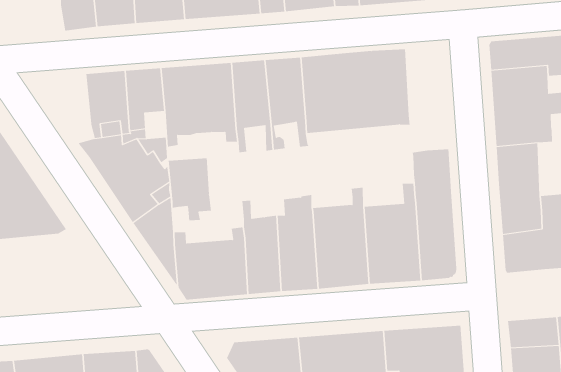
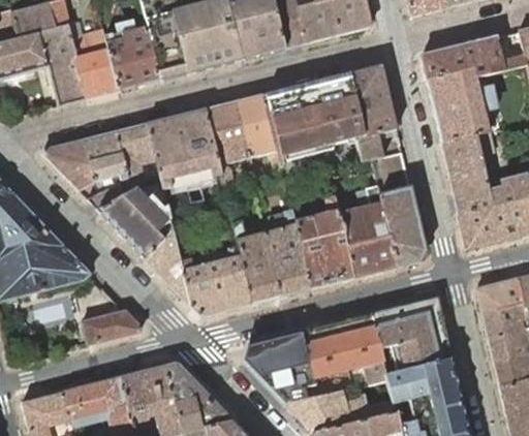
building: none -> [351,65,397,161]
building: none -> [42,138,95,189]
building: [168,158,212,221] -> none
building: none -> [83,310,143,344]

